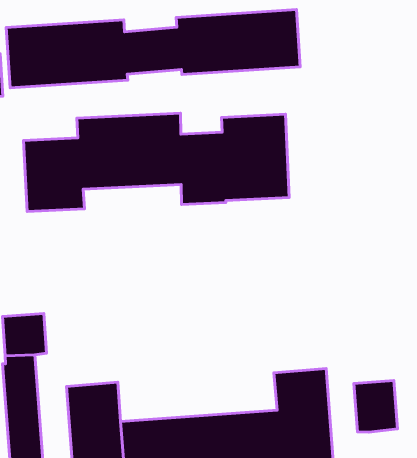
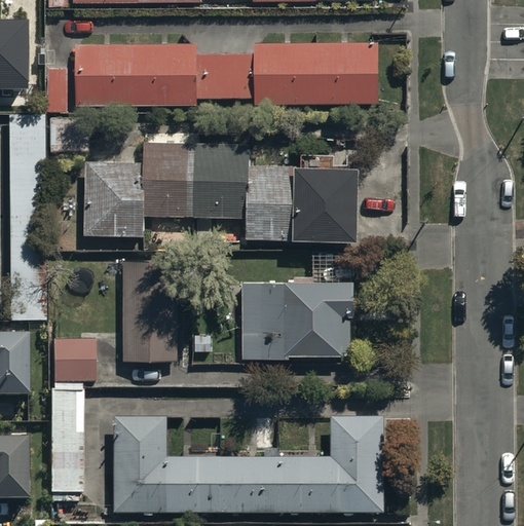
building: none -> [121,259,180,360]
building: none -> [240,278,353,359]
building: [354,381,398,432] -> none

